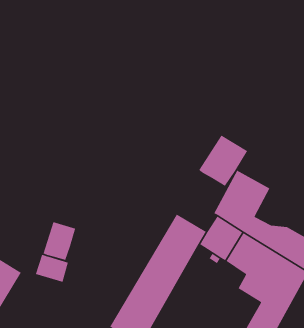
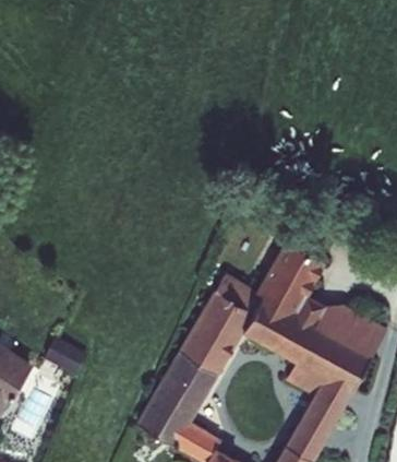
building: [198,134,248,187] -> none
building: [42,221,76,261] -> none

